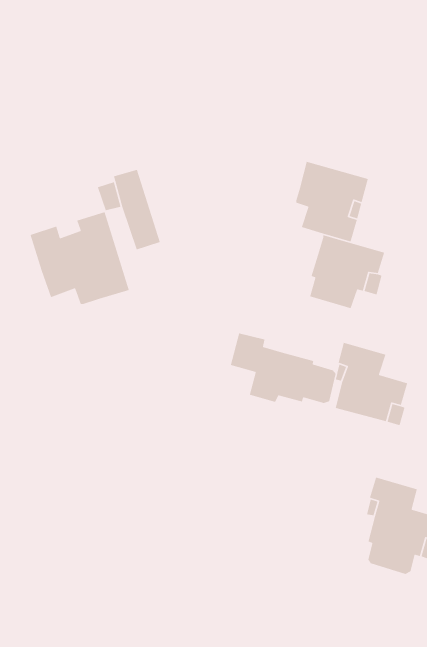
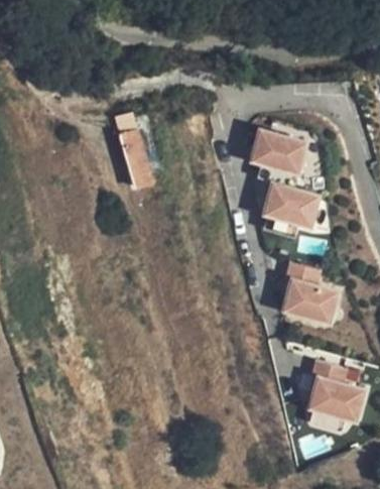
building: [29,211,130,305] -> none
building: [230,332,336,404] -> none

